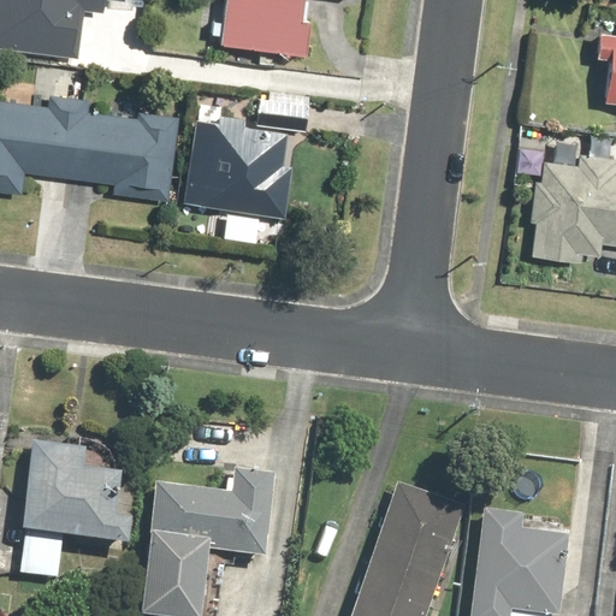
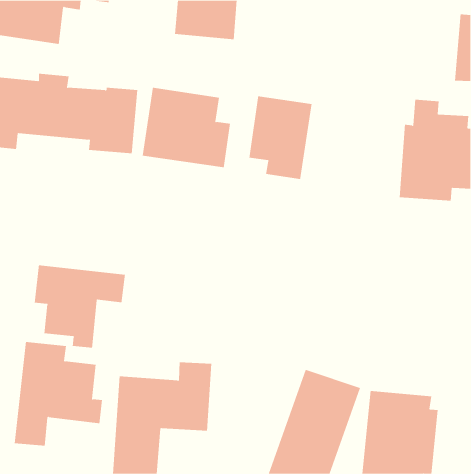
building: none -> [249,96,312,180]
building: none -> [34,264,125,348]

